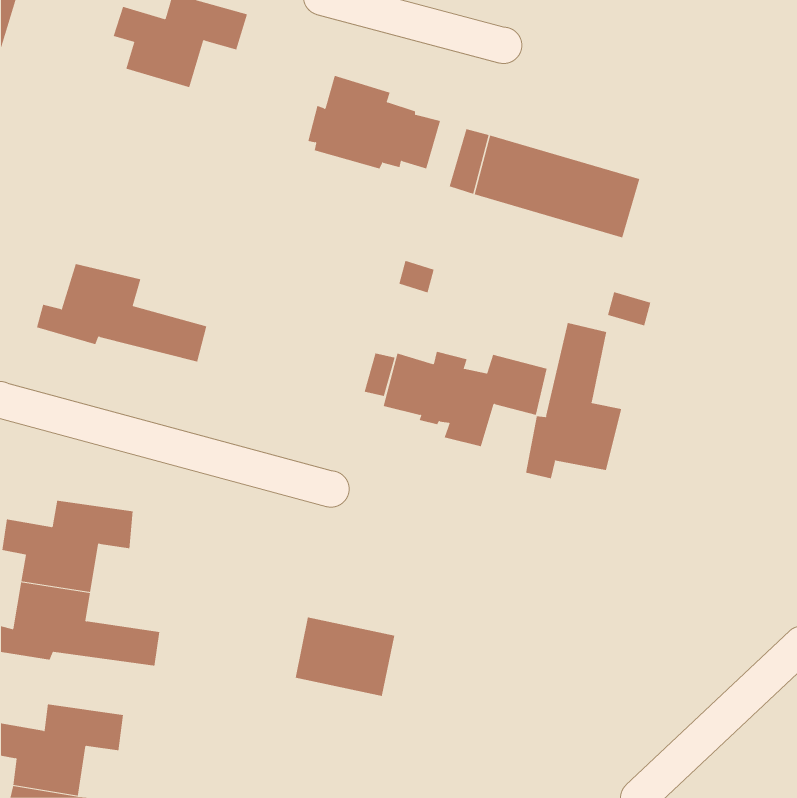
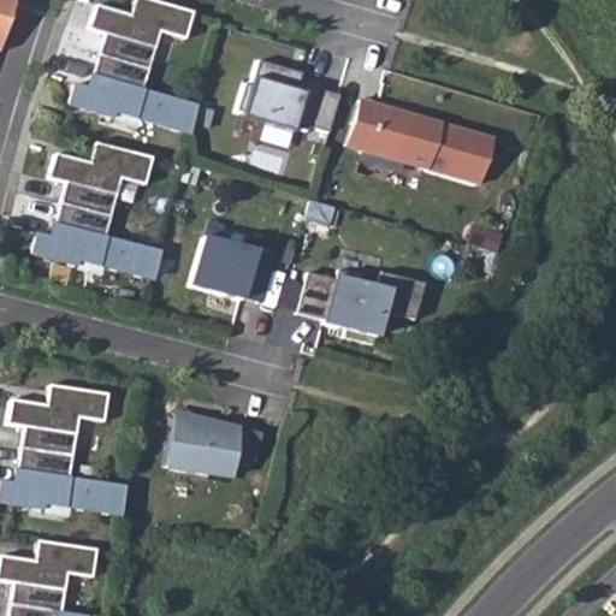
building: none -> [70,53,200,131]
building: none -> [49,141,153,214]
building: none -> [190,235,276,301]
building: [525,322,622,479] -> none
building: [295,617,395,697] -> [164,414,241,475]

